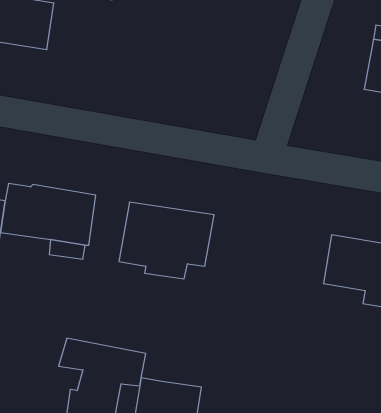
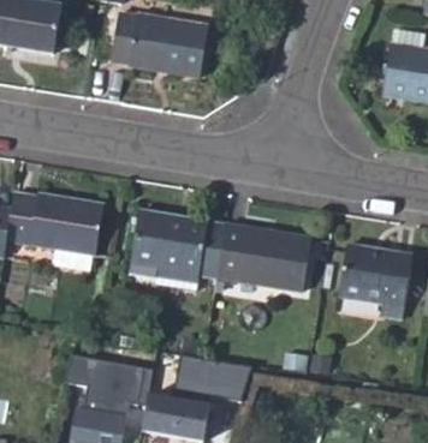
building: none -> [111,13,207,77]
building: none -> [216,225,313,292]
building: none -> [172,354,251,402]

